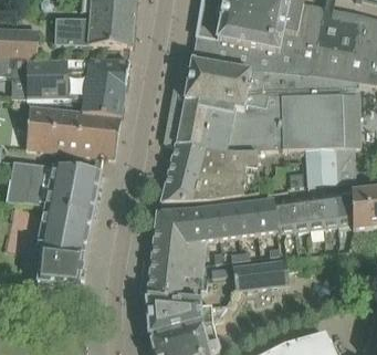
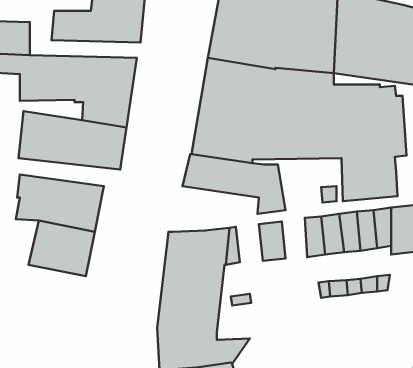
building: [161,170,235,199] -> none
building: [255,198,277,233] -> none
building: [216,203,239,237] -> none
building: [33,239,85,286] -> none
building: [231,258,286,289] -> none

